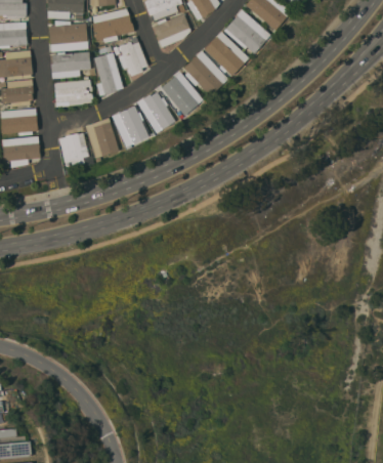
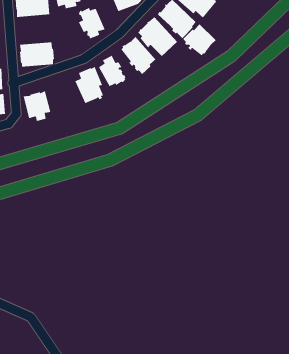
building: [51,51,91,79] -> none
building: [94,52,123,95] -> none
building: none -> [183,24,217,56]
building: [85,117,119,158] -> none

